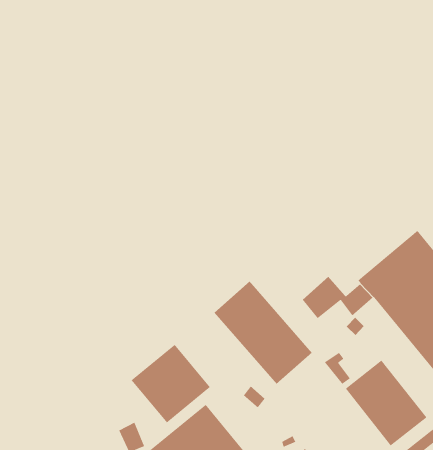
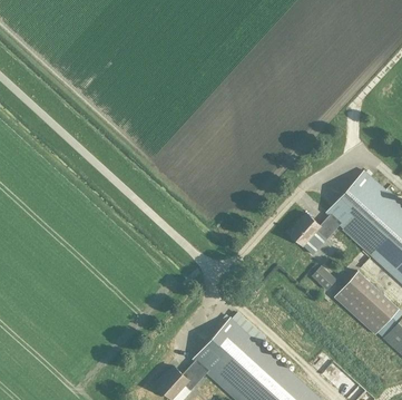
building: [214,281,313,385] -> none
building: [131,344,211,424] -> none

